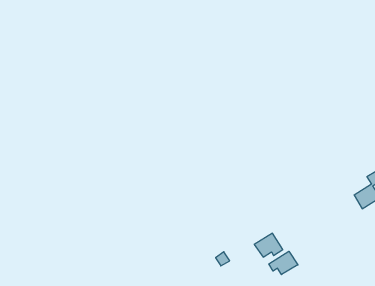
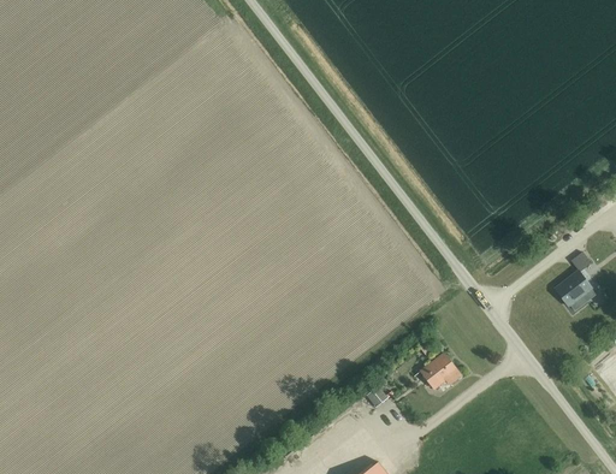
building: [269,251,298,275] -> none

